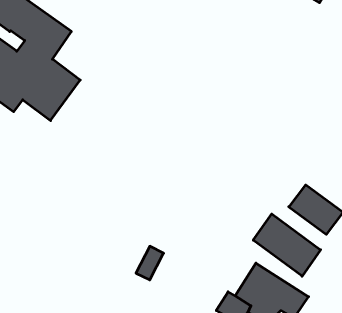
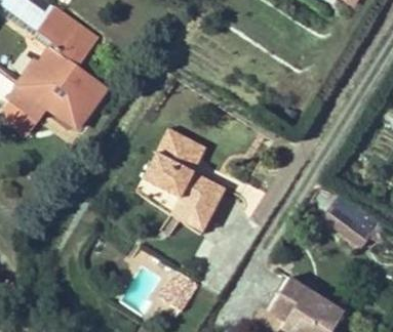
building: none -> [135,129,226,235]
building: [253,214,321,276] -> none

